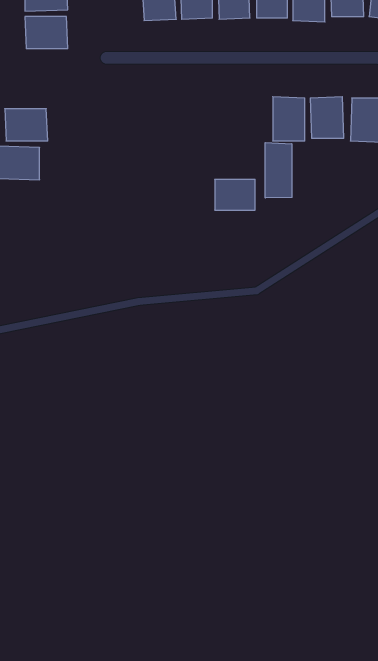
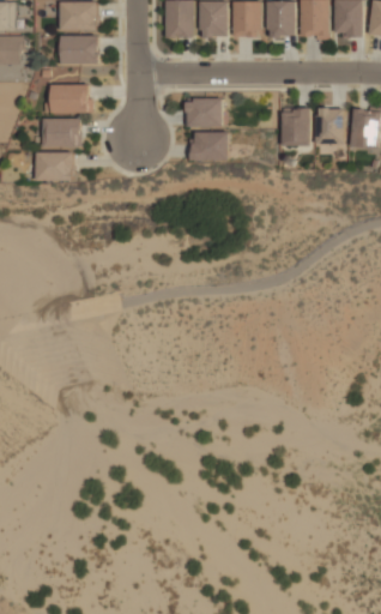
building: none -> [52,84,89,113]
building: none -> [187,97,223,127]
building: [265,143,292,198] -> none
building: [215,179,255,210] -> [194,132,230,159]

